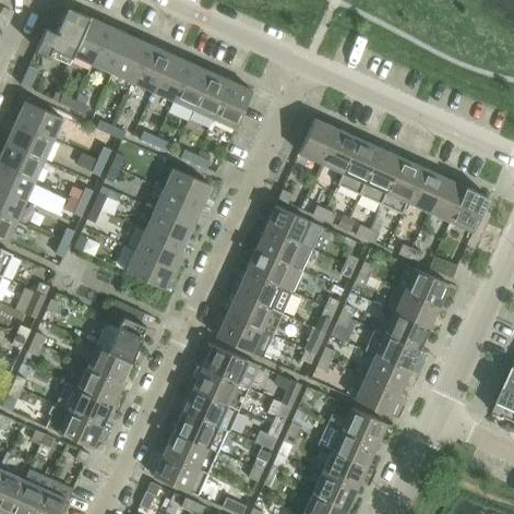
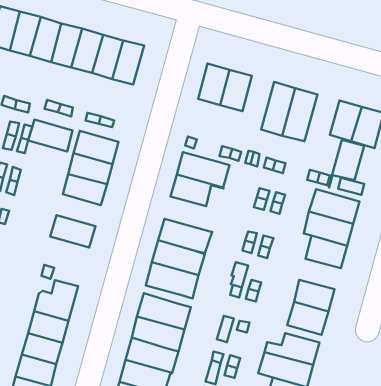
building: [337,139,380,195] -> none
building: [402,168,444,215] -> [329,140,364,187]
building: [135,230,182,268] -> [28,119,72,152]
building: [246,250,301,292] -> none
building: [364,331,419,371] -> none

